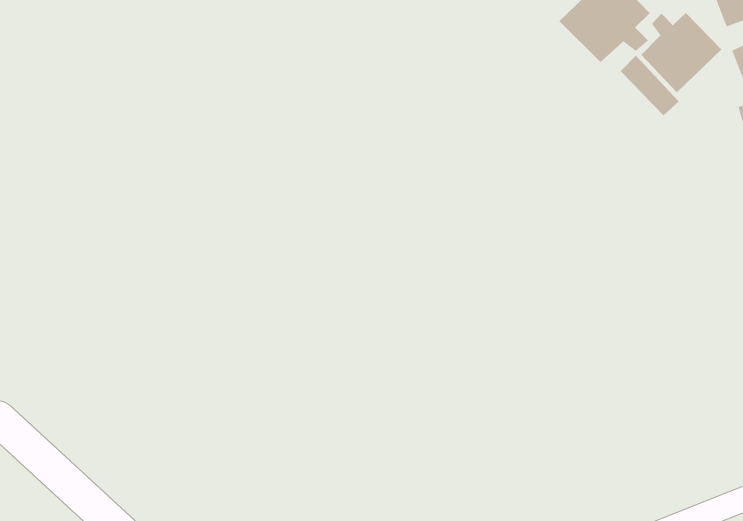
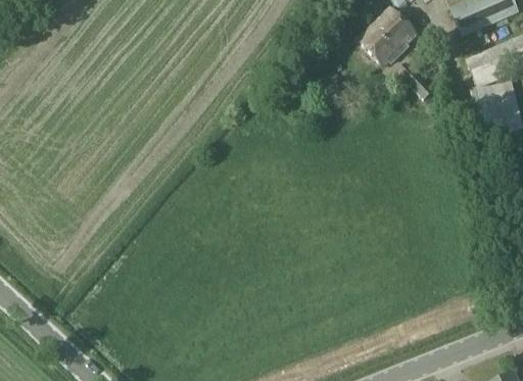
building: [641,12,722,93] -> none

